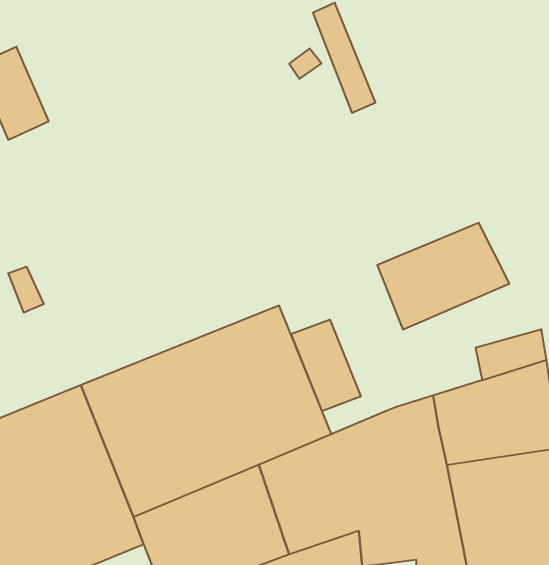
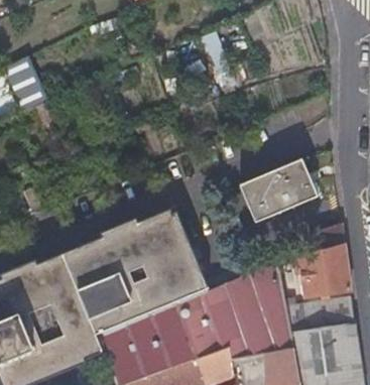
building: [291,320,361,411] -> none

